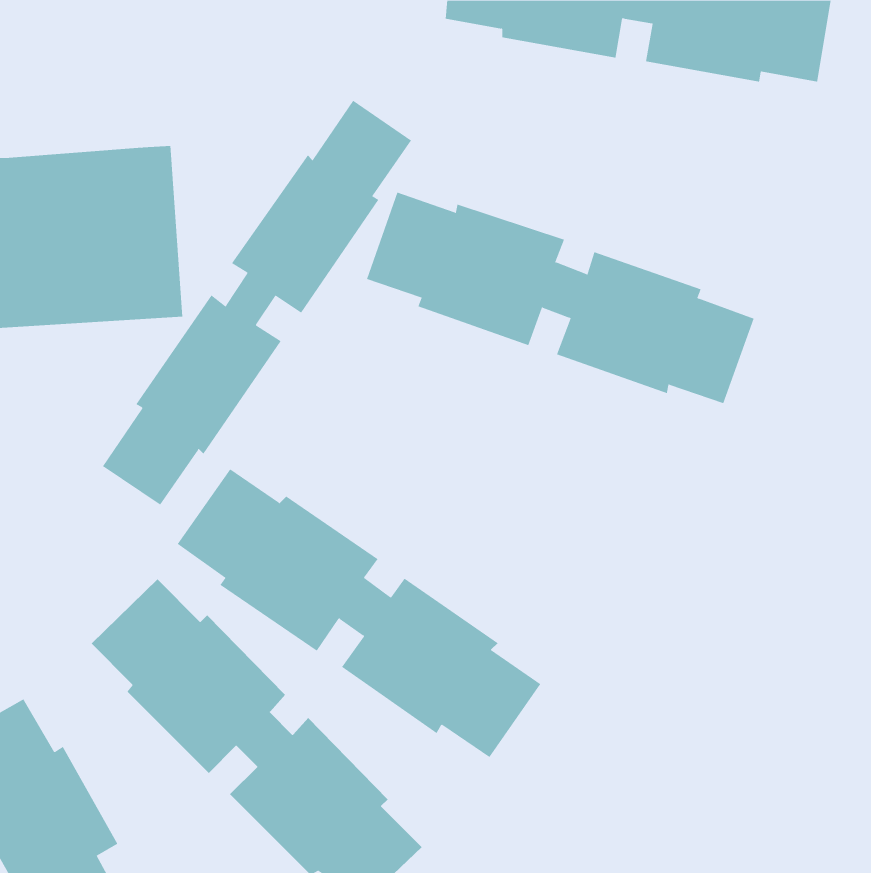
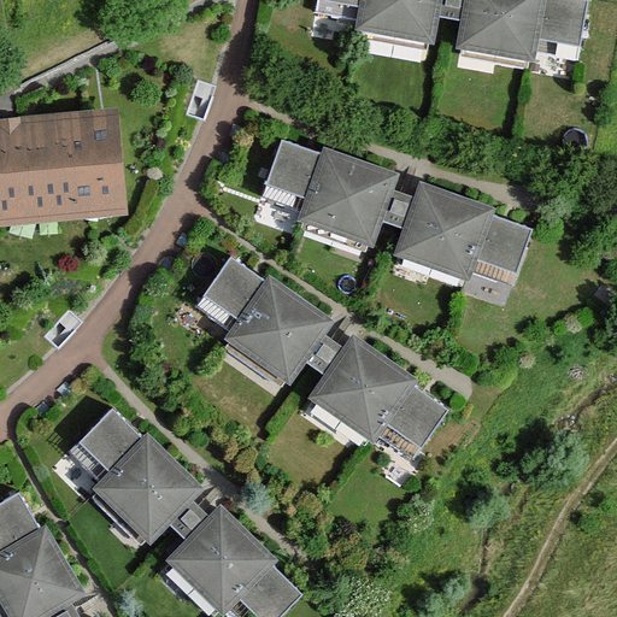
building: [102,100,412,505] -> none
building: [177,468,541,758] -> [190,257,447,460]

